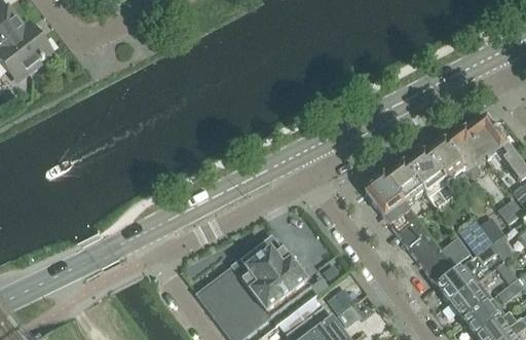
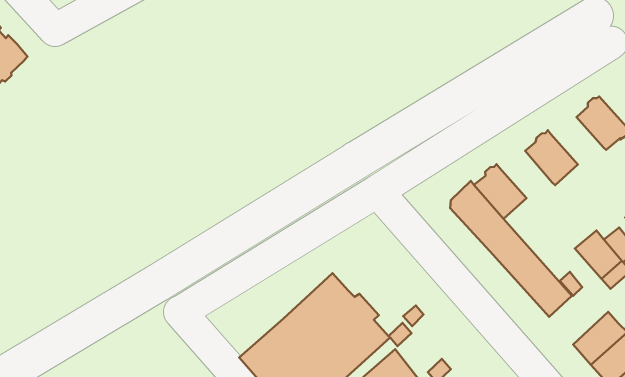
building: [447,127,488,176] -> none
building: [406,150,445,192] -> none
building: [438,260,480,303] -> none

